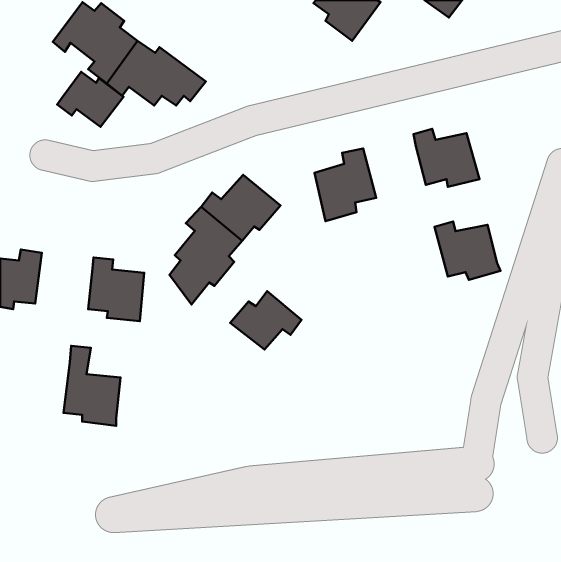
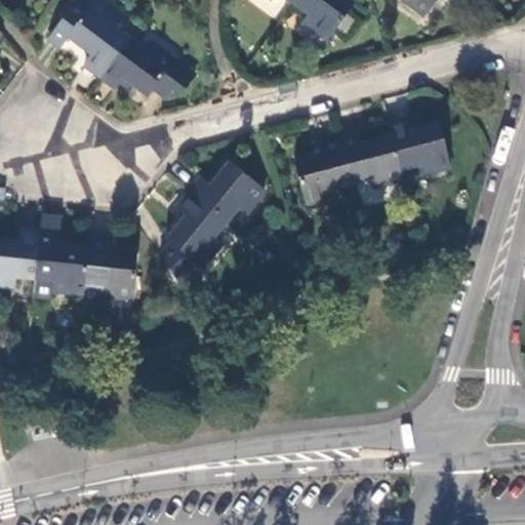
building: [57,72,124,127] -> none
building: [435,221,501,280] -> [339,133,401,188]
building: [230,291,302,349] -> none
building: [63,346,121,426] -> [34,220,87,295]

